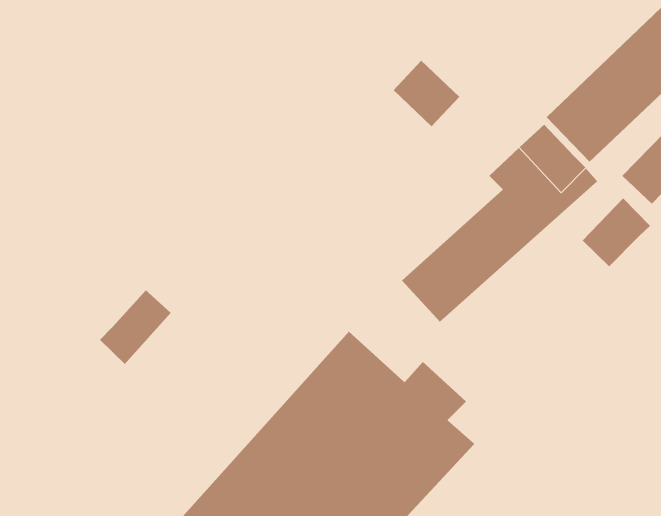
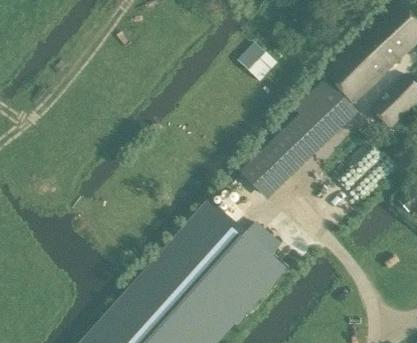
building: [582,198,651,267] -> none
building: [99,290,172,365] -> none

